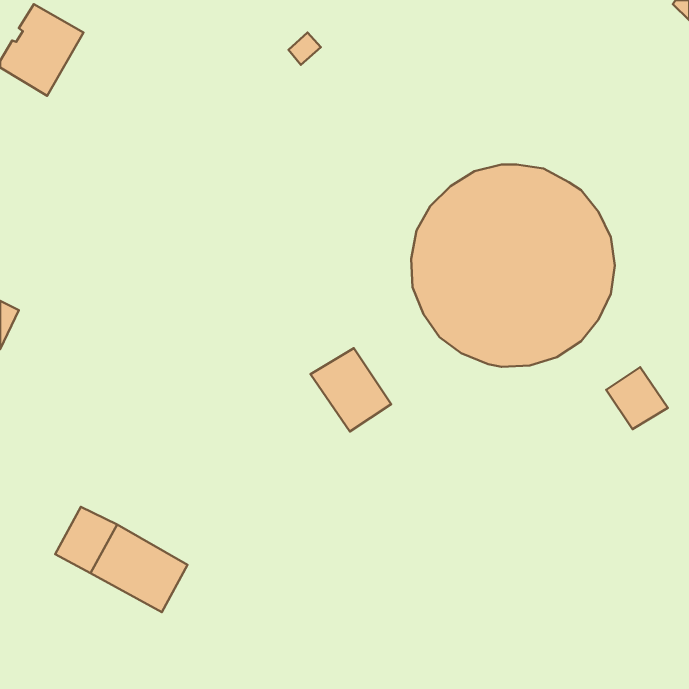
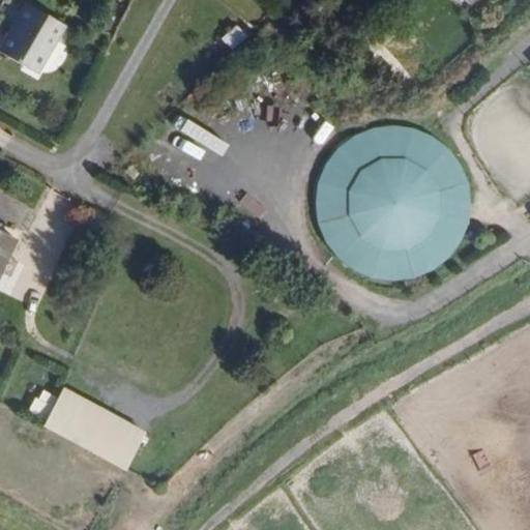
building: [311,348,391,432] -> none
building: [606,367,668,429] -> none

